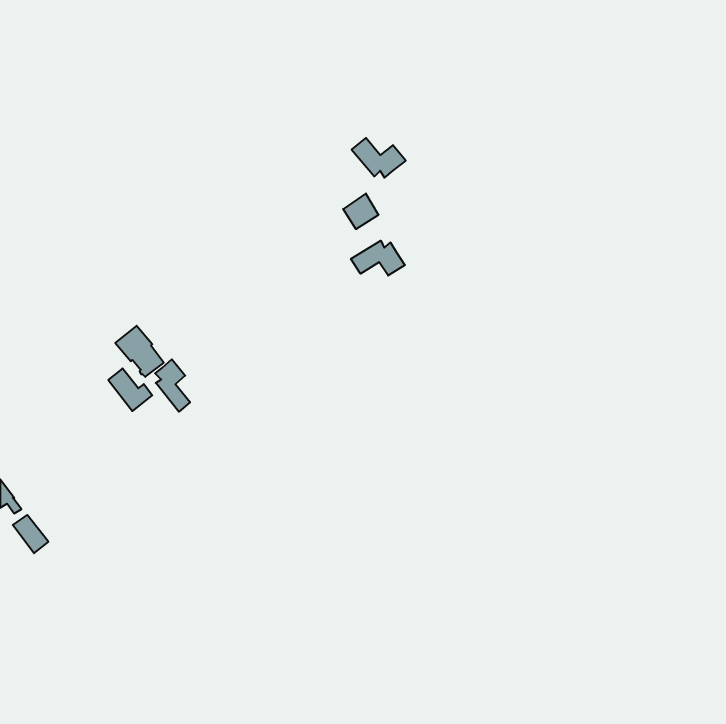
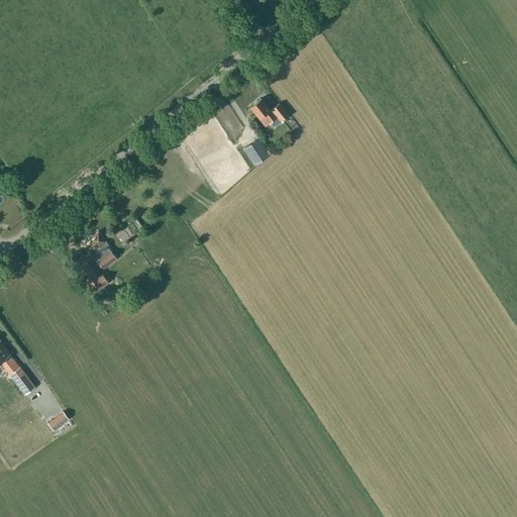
building: [351,241,405,276] -> none
building: [155,359,190,412] -> none

